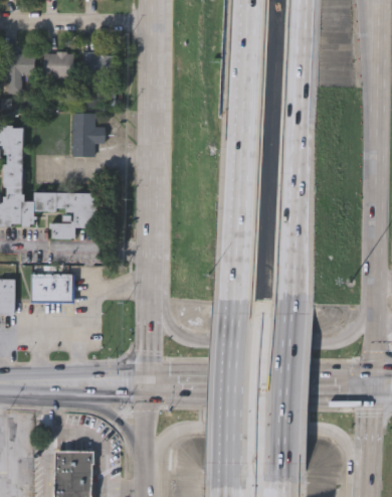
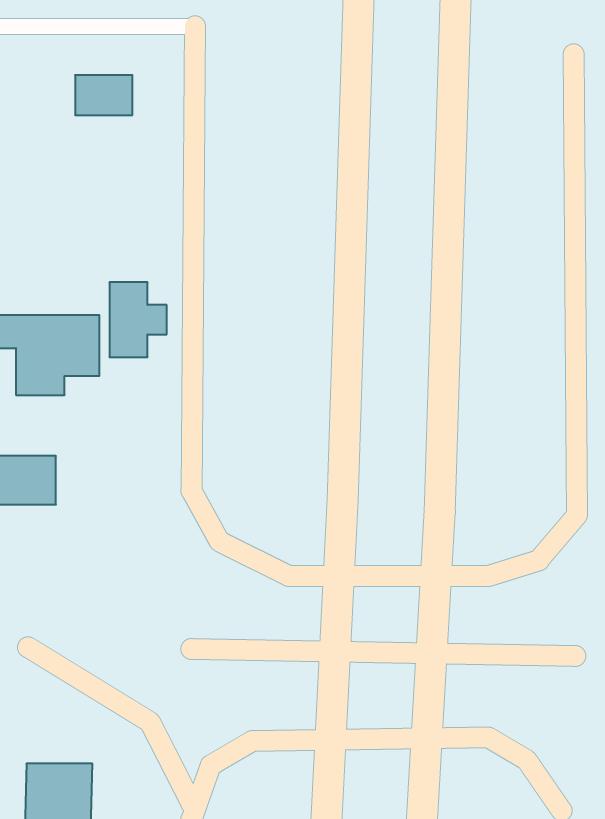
building: [44,51,73,76] -> none
building: [71,114,105,157] -> [109,282,167,357]

